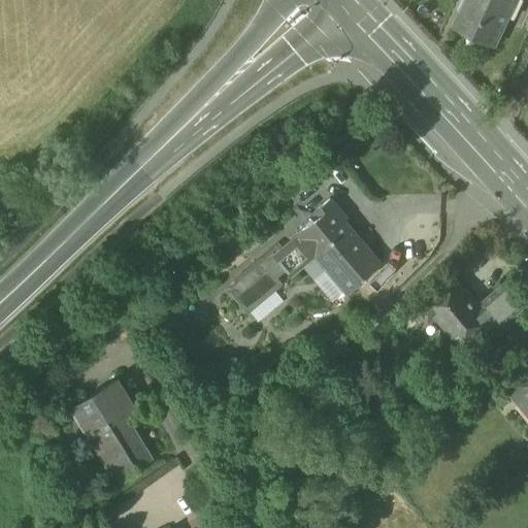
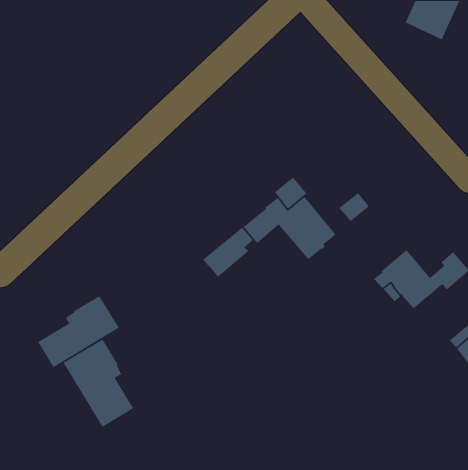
building: none -> [338,192,370,222]
building: none -> [37,295,120,368]

